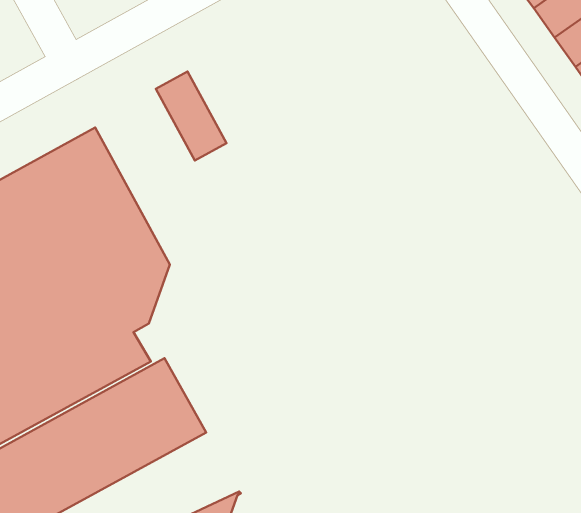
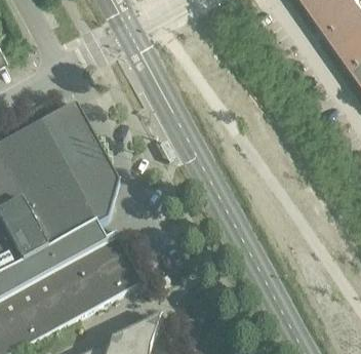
building: [156,71,227,161] -> none

